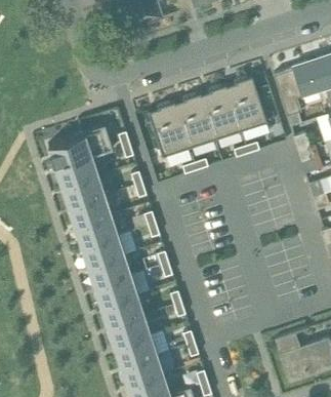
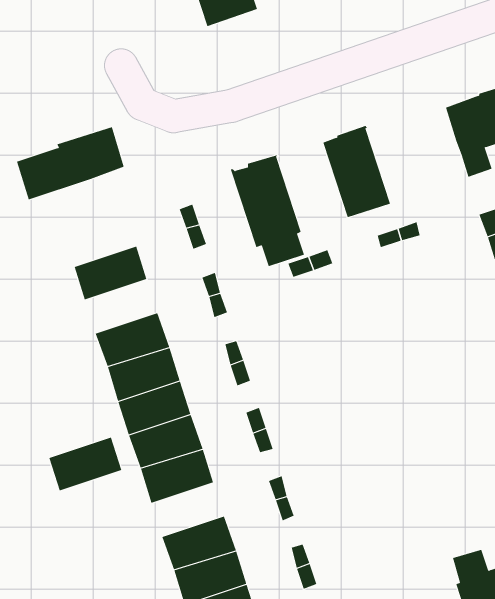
building: [226,77,268,141] -> none
building: [174,93,215,148] -> none
building: [48,125,112,168] -> [16,127,125,200]
building: [61,175,105,207] -> none
building: [100,294,143,326] -> [49,437,122,491]

